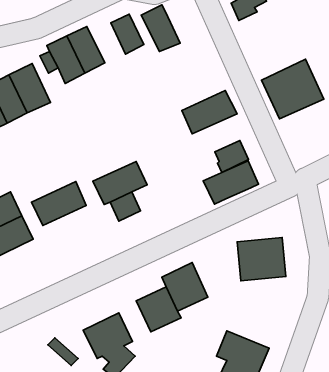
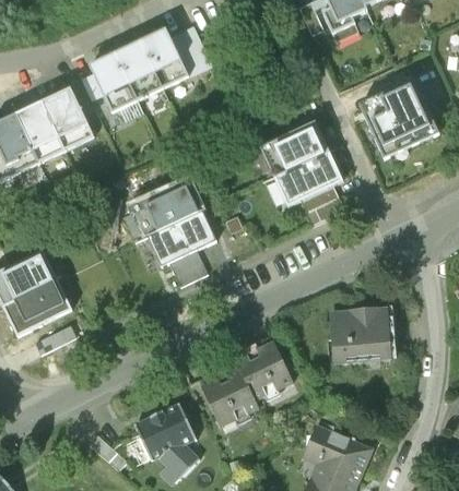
building: [141,5,180,52] -> [139,27,188,86]
building: [203,161,259,204] -> [272,151,342,205]
building: [32,181,86,225] -> [132,180,201,236]

